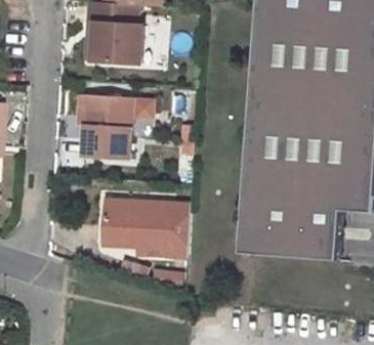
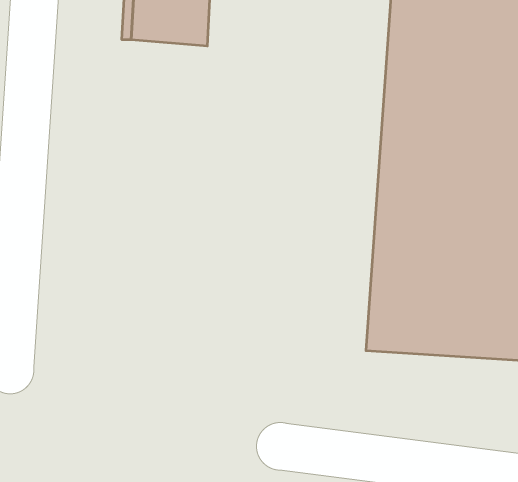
building: [83,95,133,159] -> none
building: [96,200,183,257] -> none

